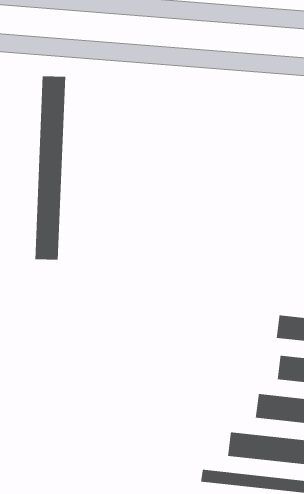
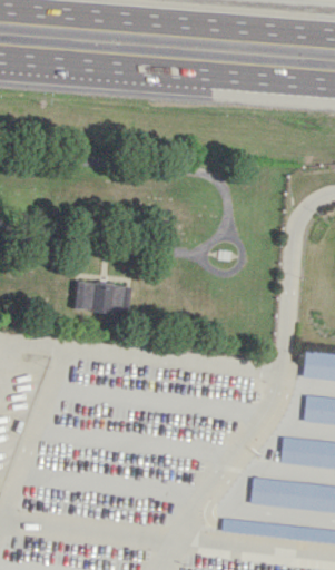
building: [34,76,66,261] -> none
building: none -> [75,283,130,313]

